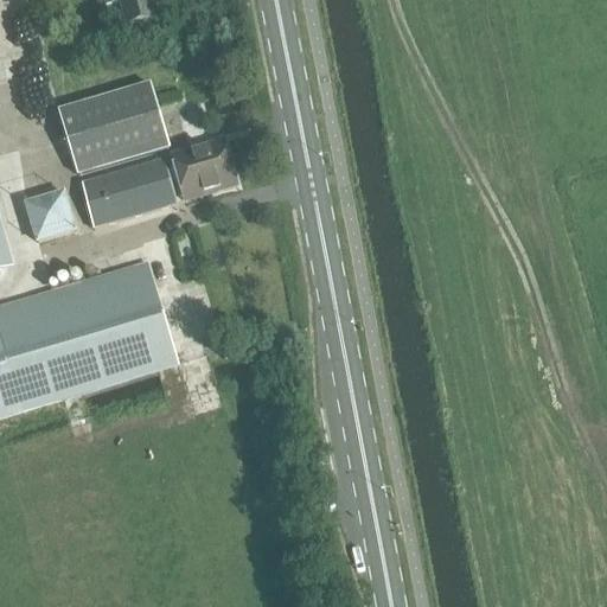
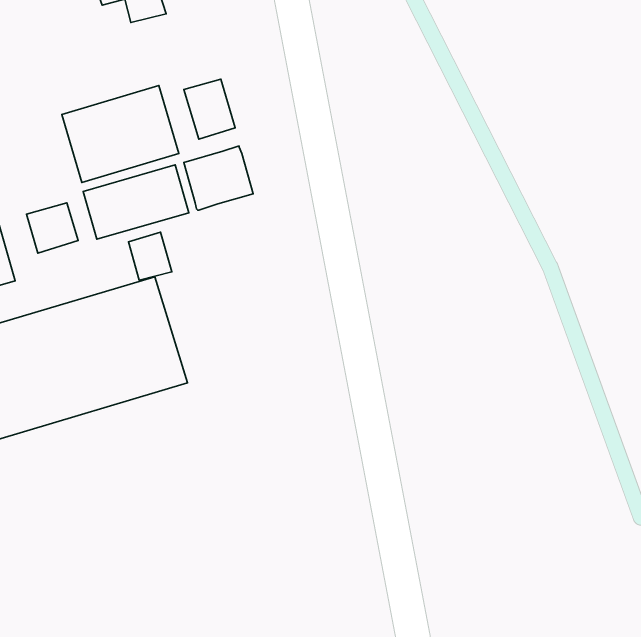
building: none -> [184,79,235,139]
building: none -> [129,232,172,280]

